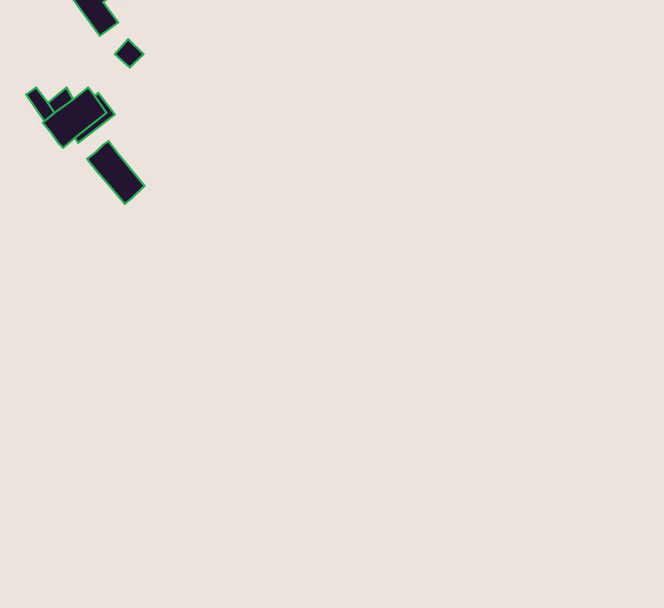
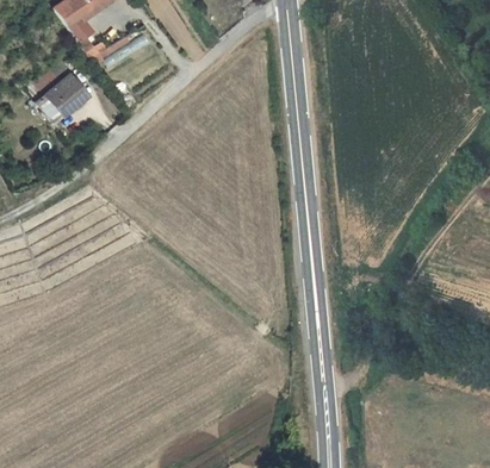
building: [87,141,145,204] -> none

